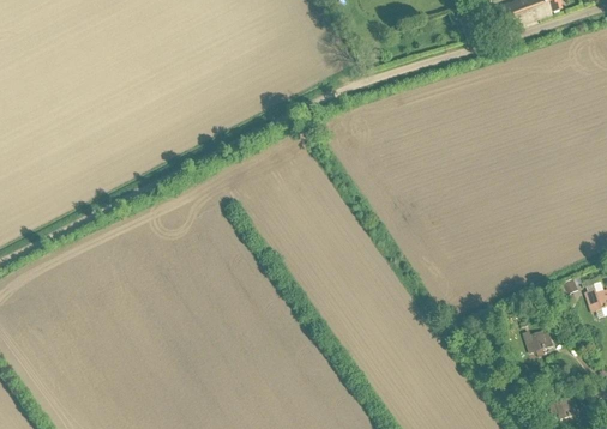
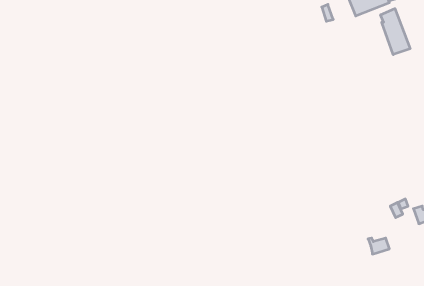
building: none -> [381,9,410,55]

